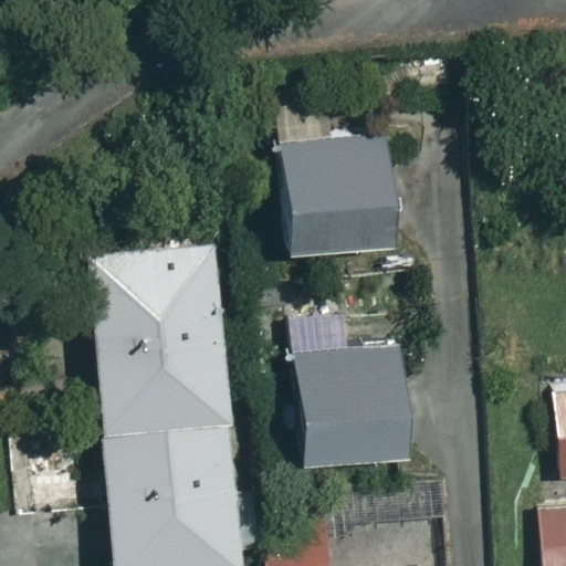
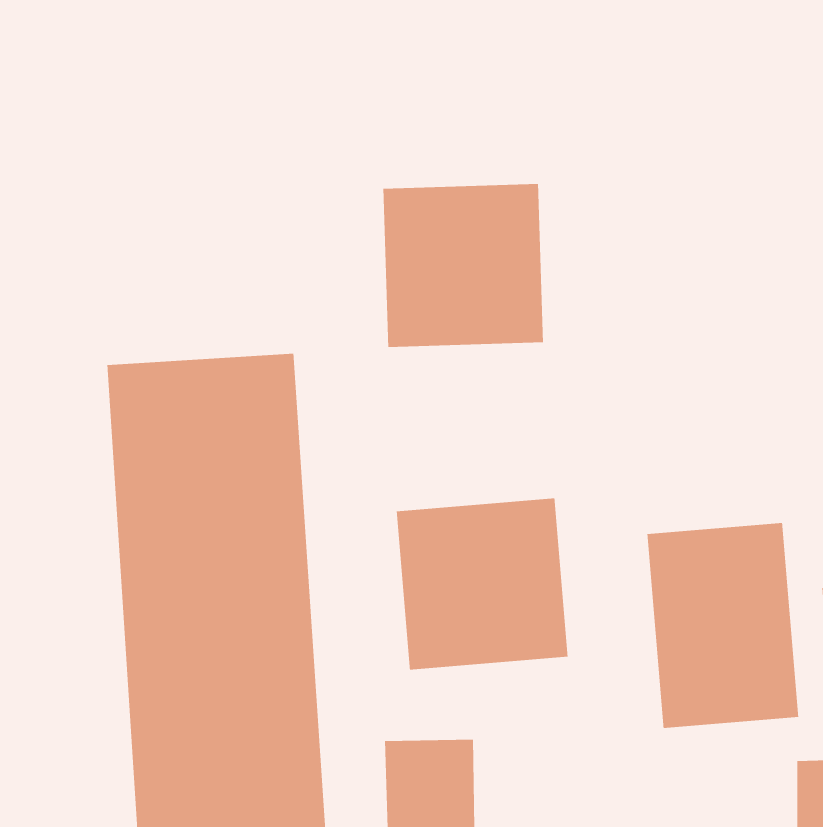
building: none -> [647,522,799,729]

